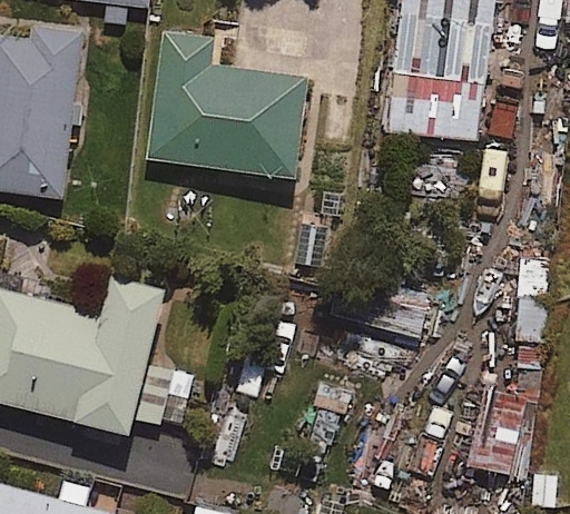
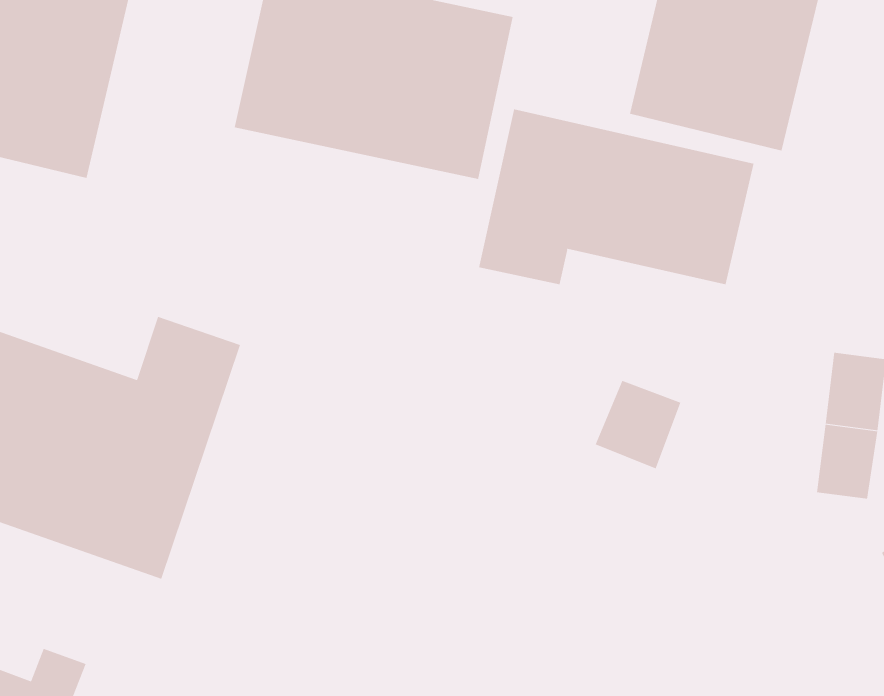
building: none -> [478,108,754,285]

